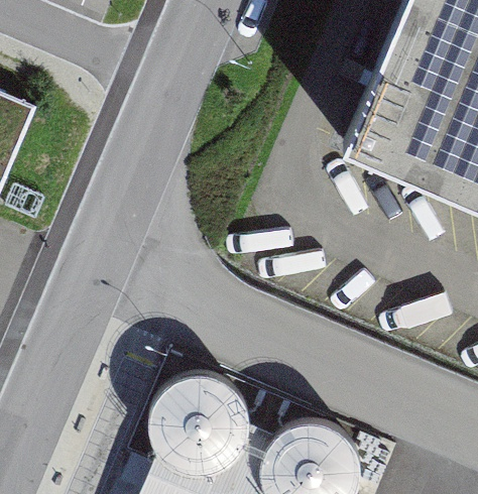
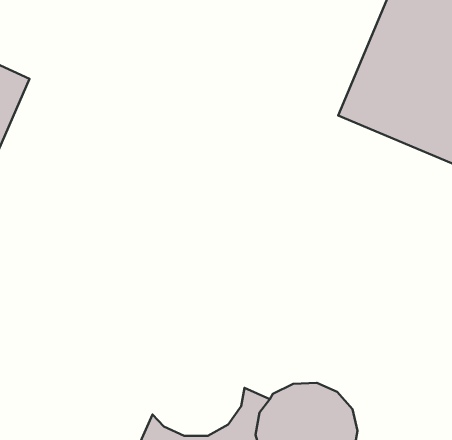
building: [150,372,251,471] -> none

